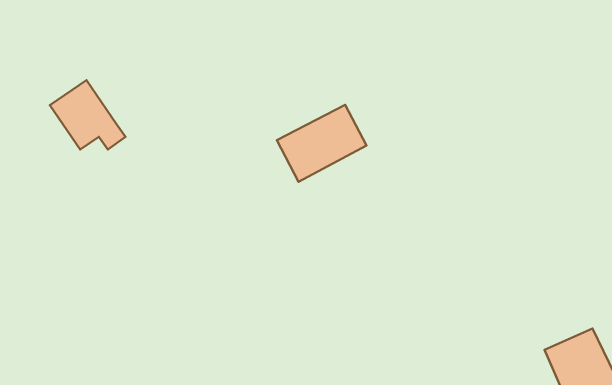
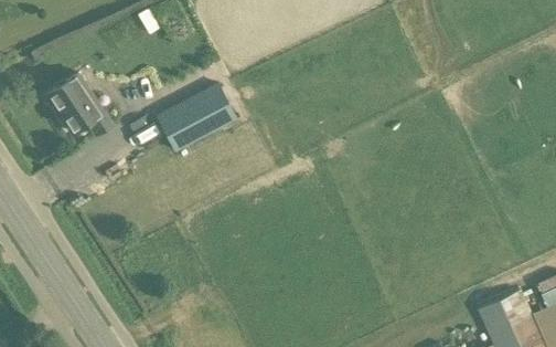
building: [277,105,367,182] -> [158,84,236,151]

